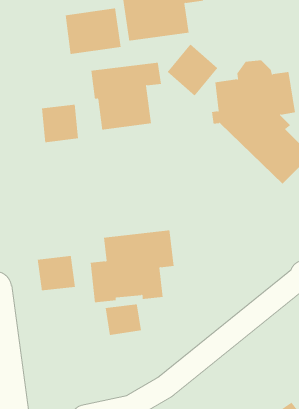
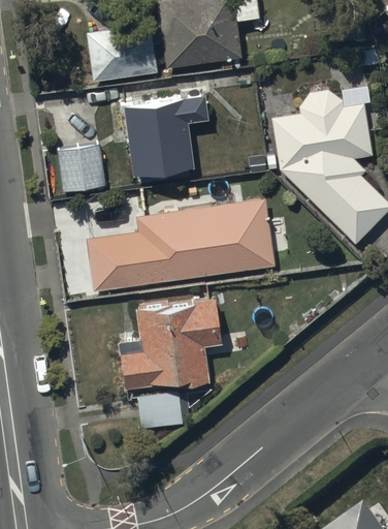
building: [167,44,218,96] -> none
building: none -> [89,199,278,292]
building: [37,255,75,291] -> none

